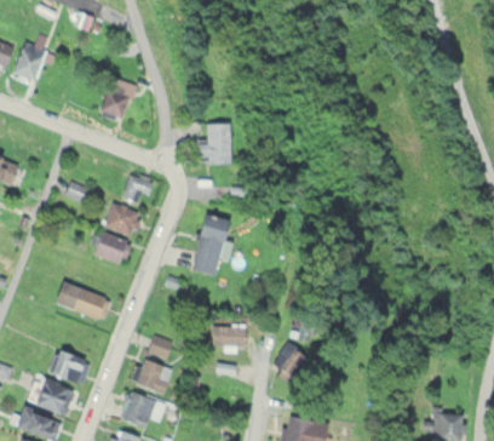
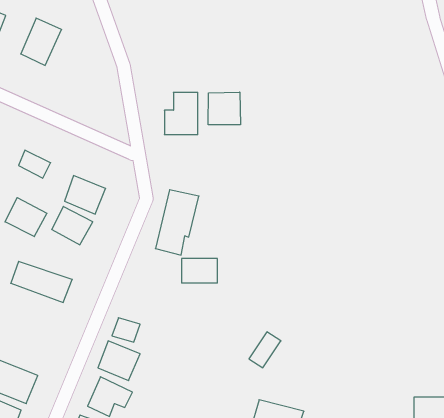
building: [97,75,136,120] -> [21,18,62,65]
building: none -> [208,92,240,125]
building: [121,172,154,202] -> none
building: none -> [5,198,47,237]
building: [211,325,245,348] -> [182,259,217,283]
building: [50,350,90,383] -> none

